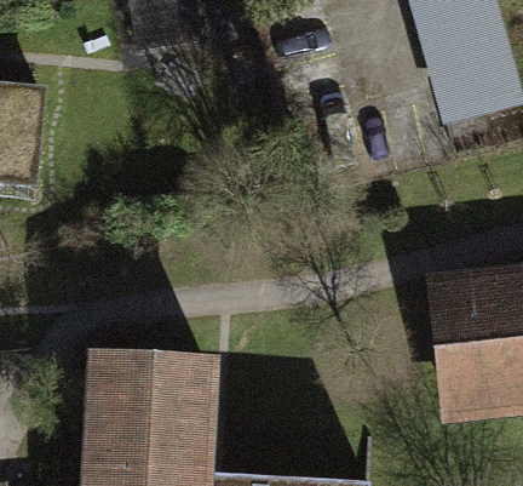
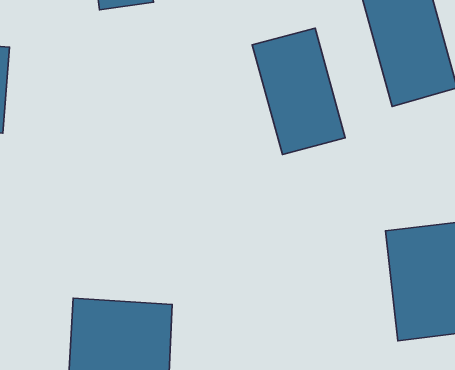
building: none -> [252,28,345,155]

